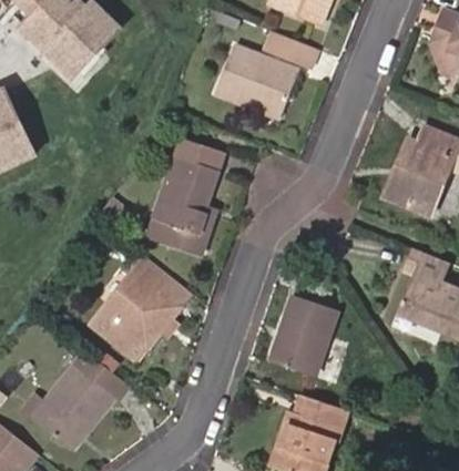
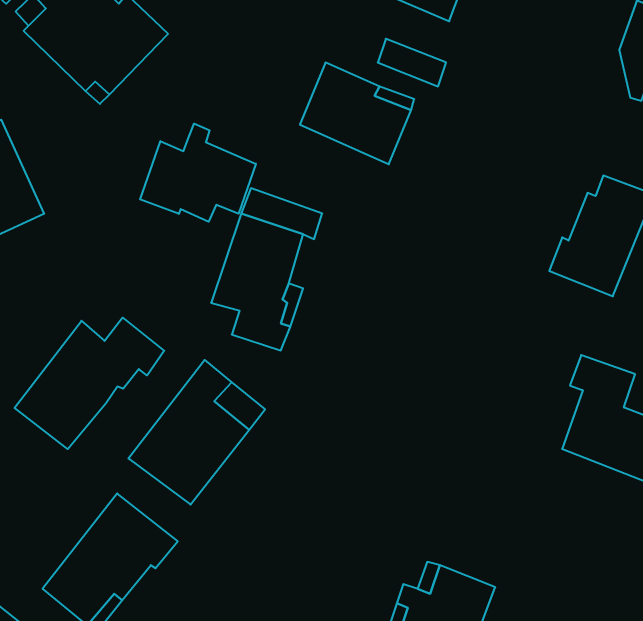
building: none -> [140,124,256,222]
building: none -> [15,318,164,449]
building: [271,298,336,379] -> none

